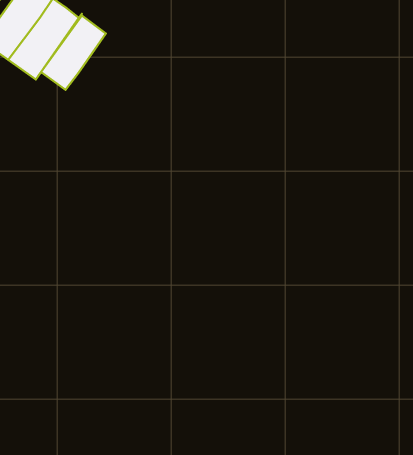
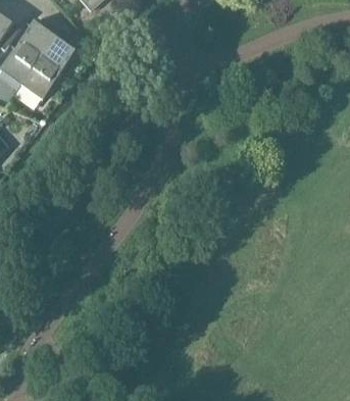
building: [39,16,106,90] -> none

